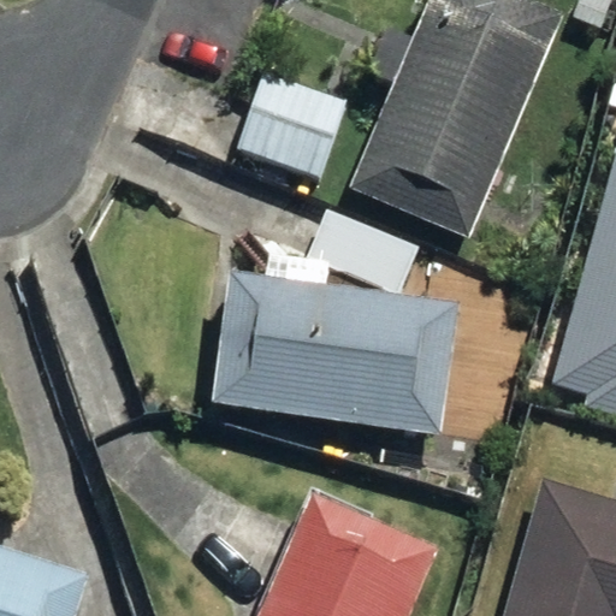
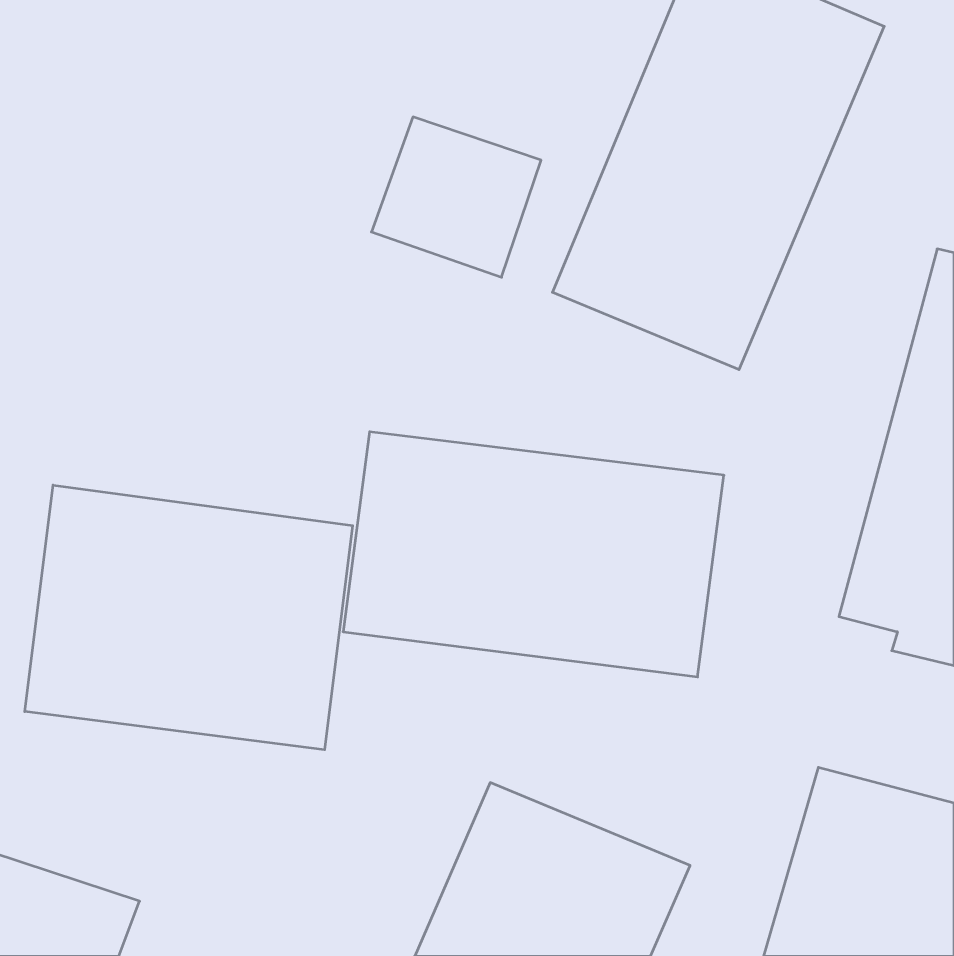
building: none -> [25,485,353,750]

